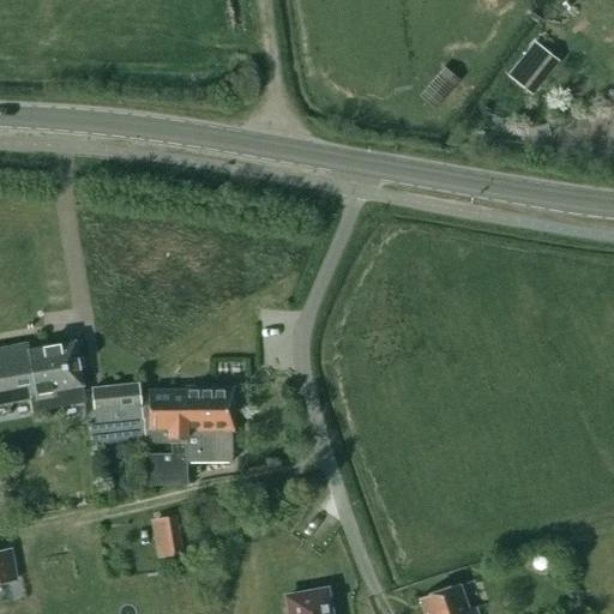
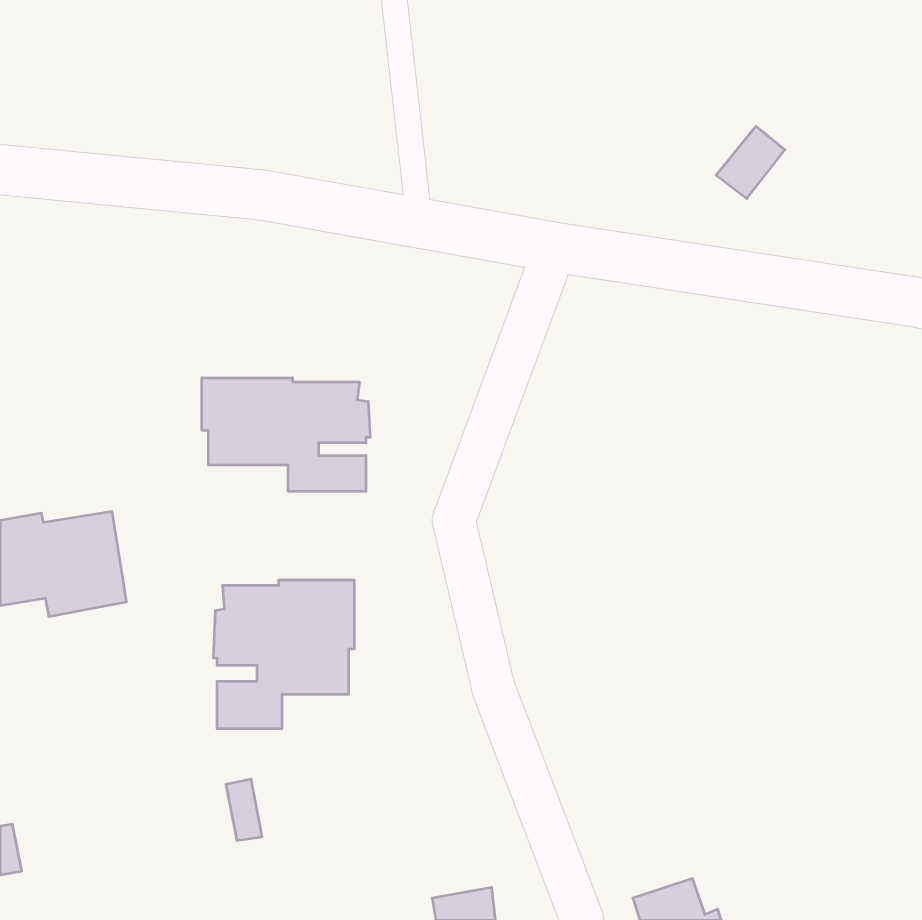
building: [512,43,558,91] -> [716,126,785,199]
building: none -> [202,378,370,491]
building: [88,383,144,443] -> none

